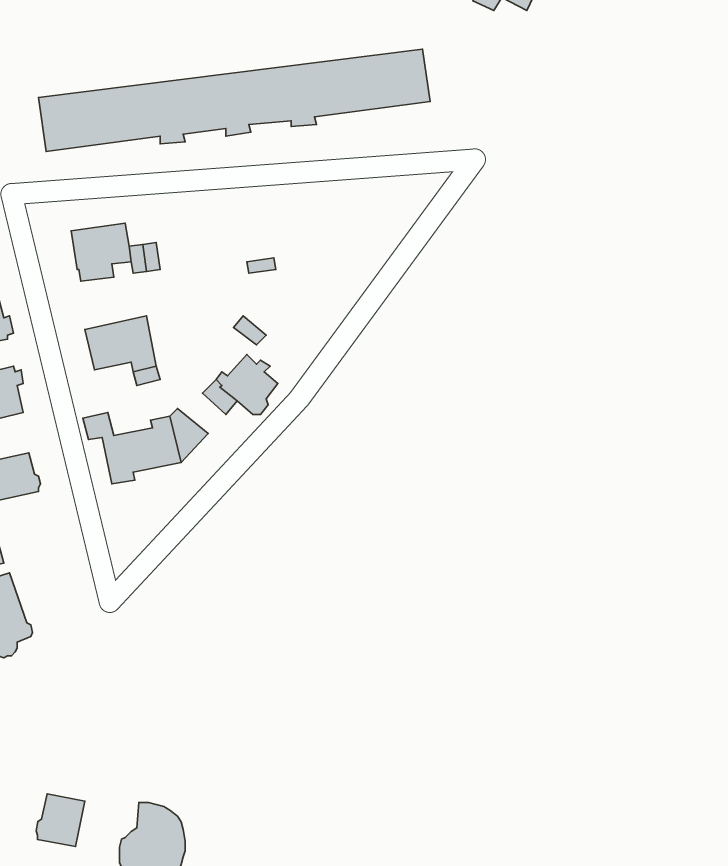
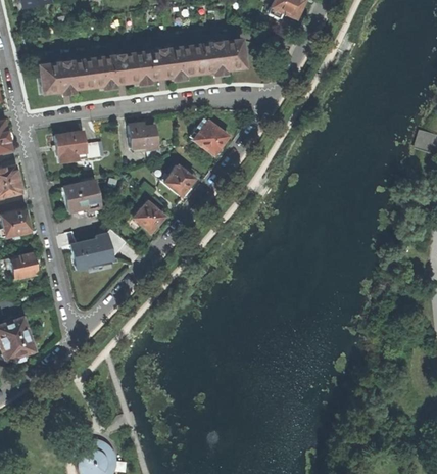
building: none -> [191,120,228,155]
building: none -> [129,124,158,149]
building: none -> [163,164,195,196]
building: [36,794,85,847] -> none

